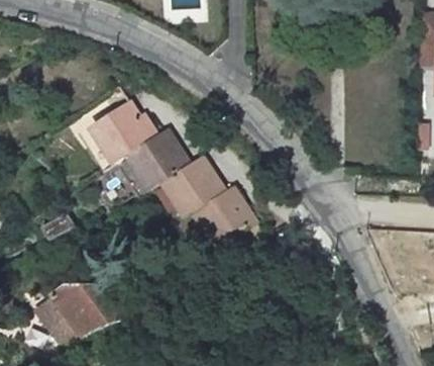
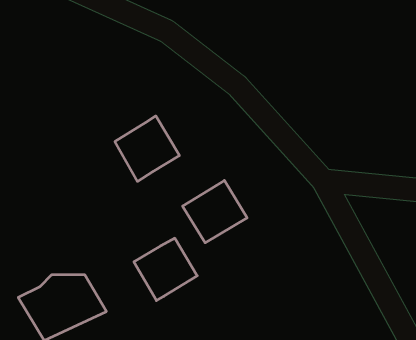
building: [93,104,154,164] -> none
building: [160,164,220,222] -> [134,238,197,301]

